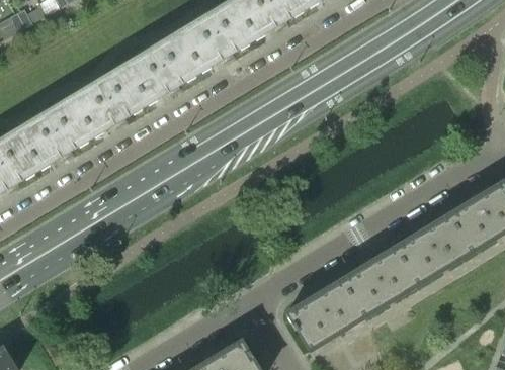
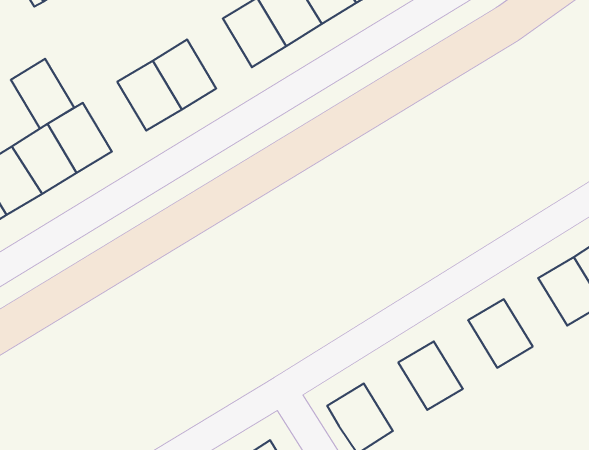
building: [178,15,228,69] -> none
building: [98,64,147,117] -> [11,59,74,129]
building: [421,214,470,267] -> none
building: [367,247,416,299] -> none
building: [314,279,362,332] -> none

